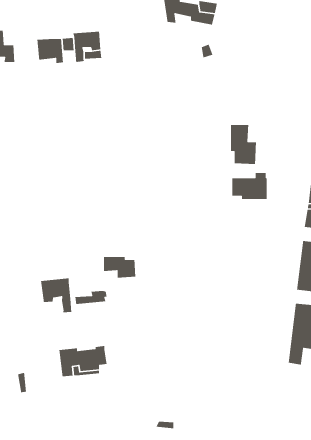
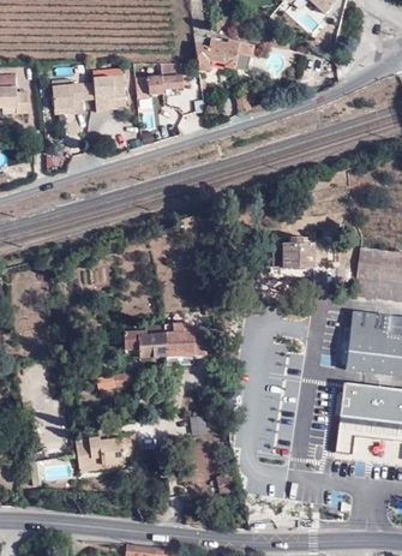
building: none -> [134,64,182,98]
building: [230,124,257,165] -> none
building: none -> [163,331,221,355]
building: [40,277,72,313] -> none

